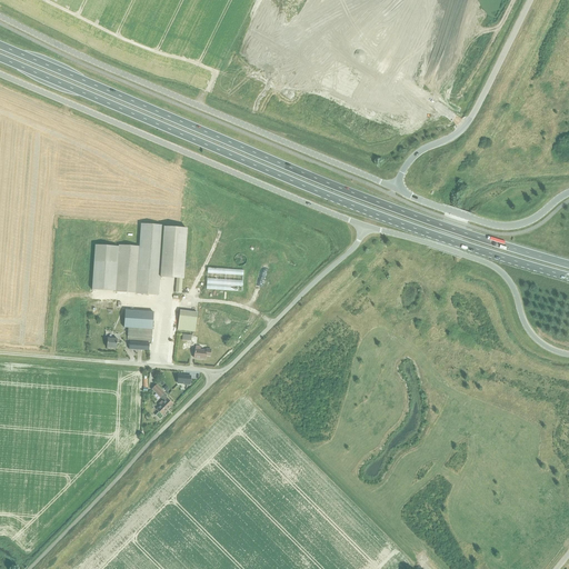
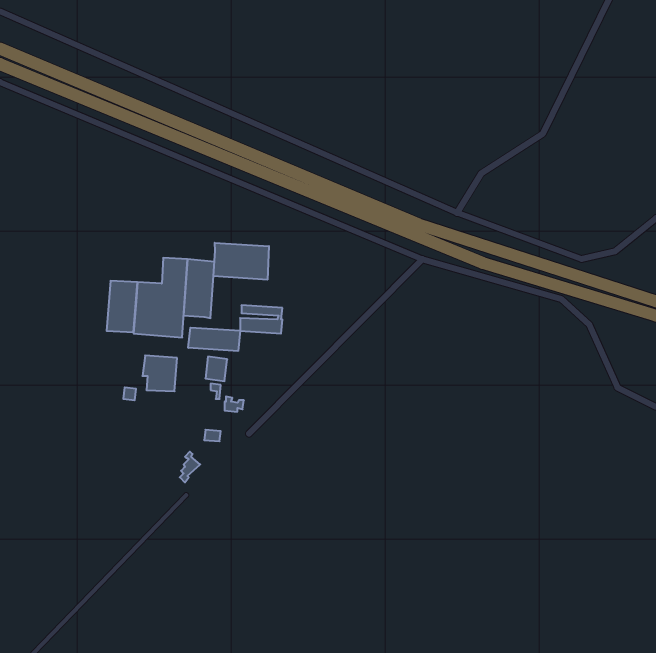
building: none -> [213,243,269,280]
building: none -> [188,328,240,351]

